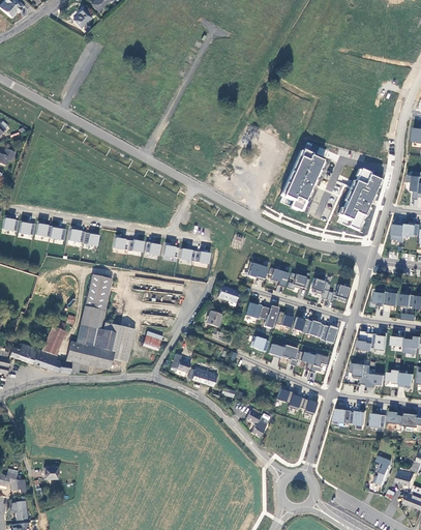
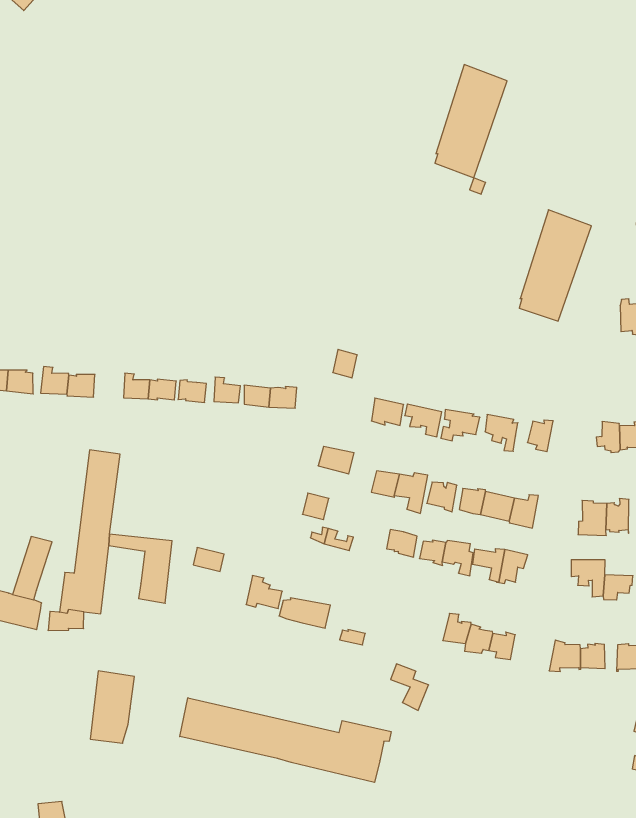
building: [279,148,324,211] -> [435,65,507,178]
building: [89,328,117,370] -> [90,671,134,743]
building: none -> [180,698,391,782]

